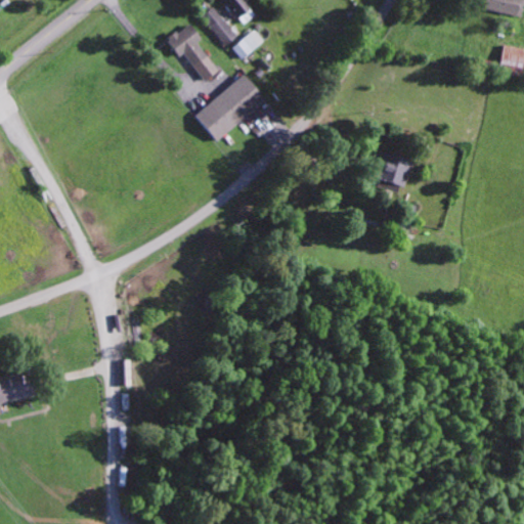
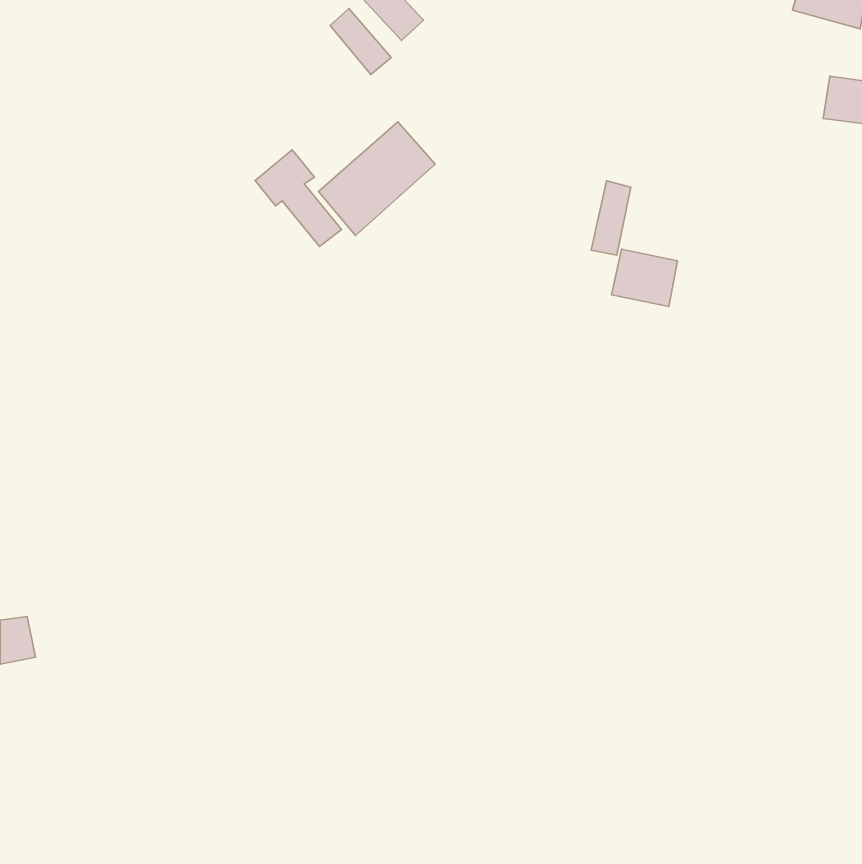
building: [167,21,219,80] -> [255,150,341,247]
building: [232,29,265,59] -> none
building: none -> [591,181,631,255]

